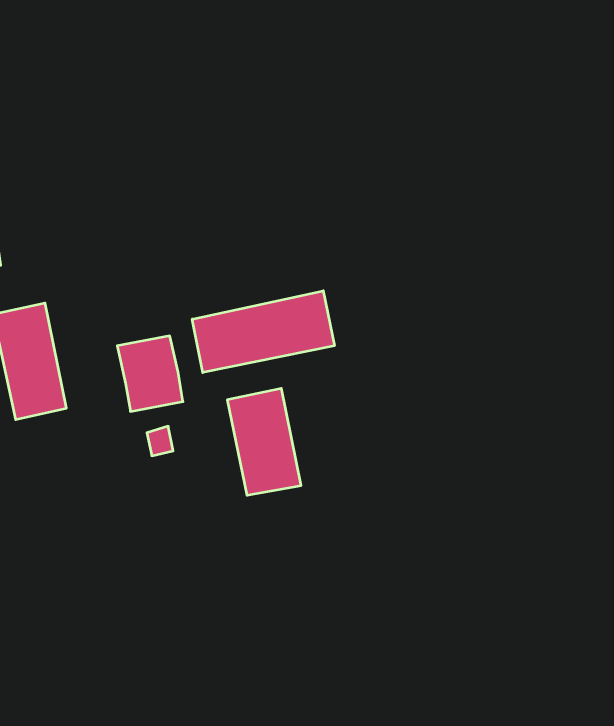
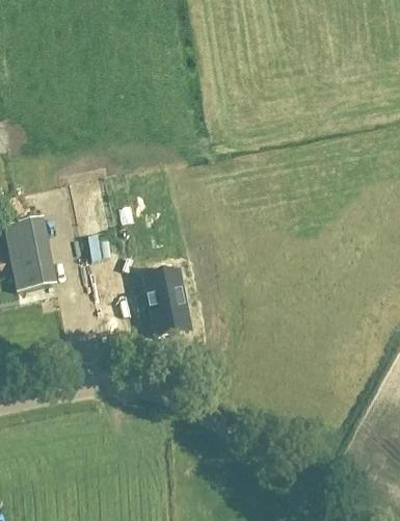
building: [192,291,334,373] -> none

